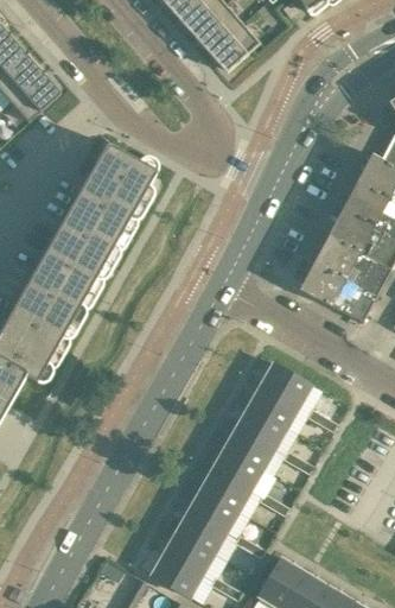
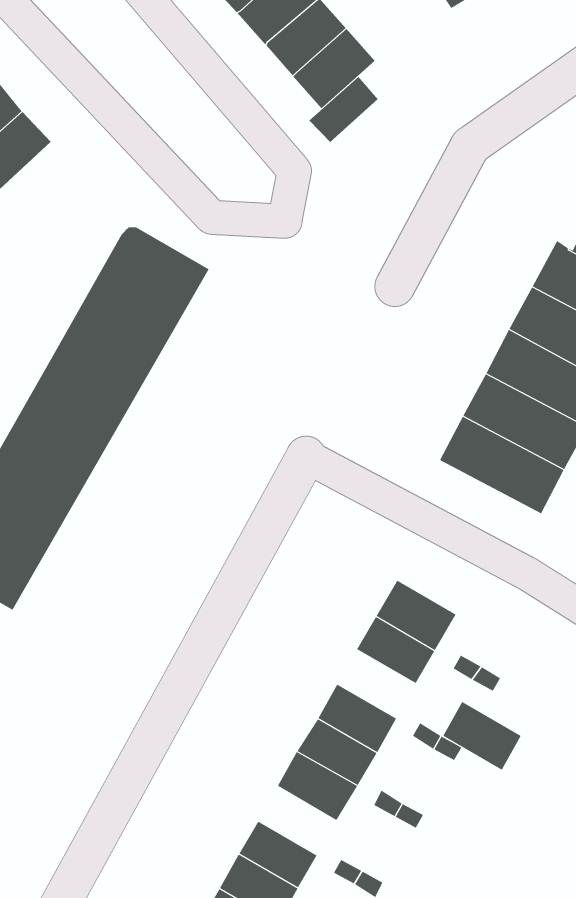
building: none -> [309,76,379,143]
building: [236,405,285,448] -> [442,701,522,771]
building: [187,489,236,532] -> none

